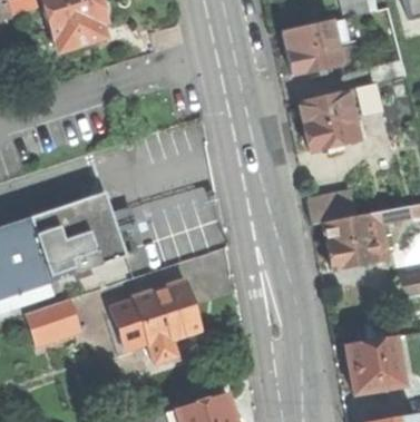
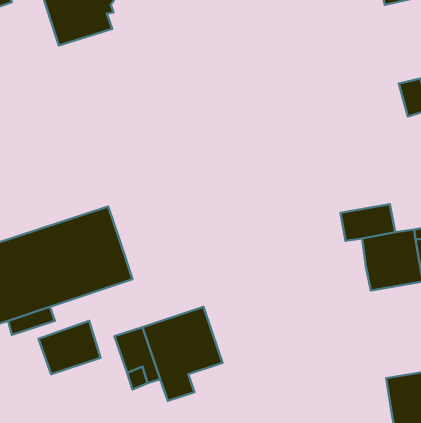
building: [283,19,351,73] -> none
building: [299,88,365,154] -> none

